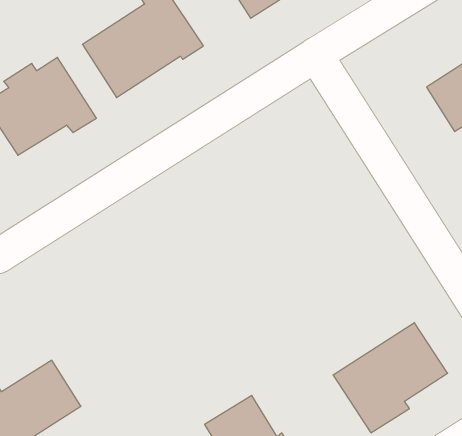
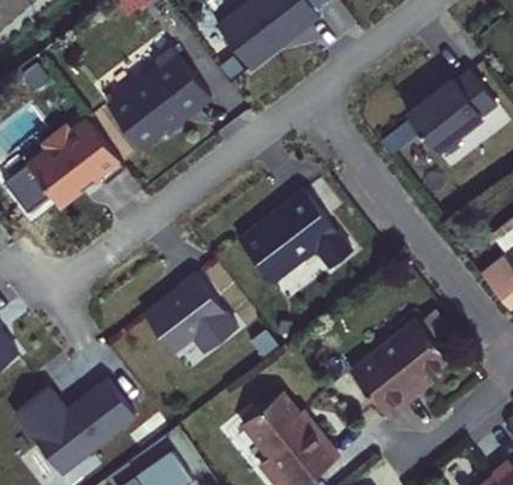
building: none -> [239,190,352,283]
building: none -> [144,274,238,354]

